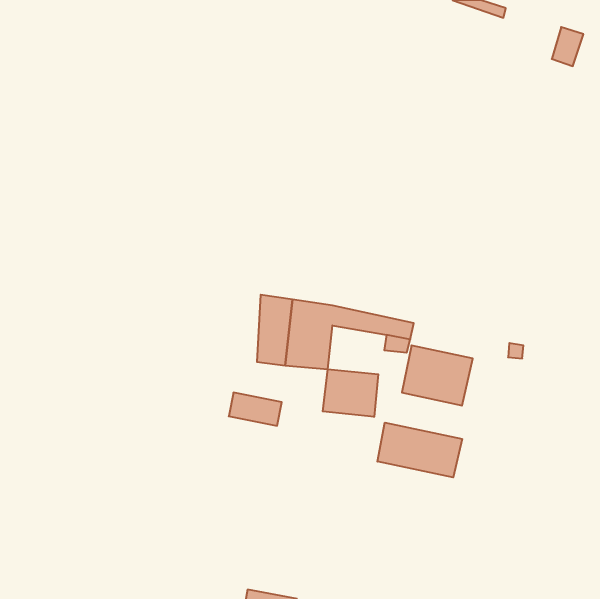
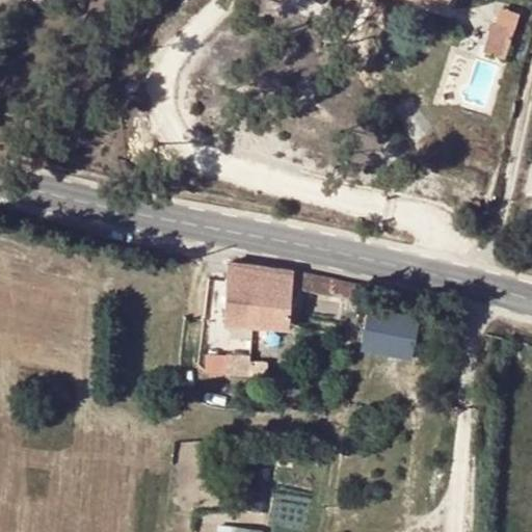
building: [323,369,378,417] -> none
building: [377,423,462,477] -> none

